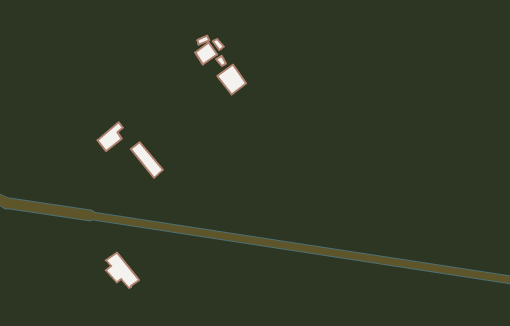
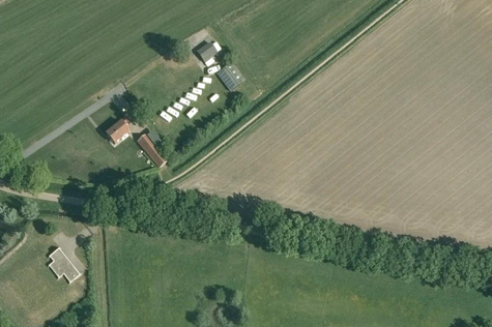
building: [106,253,139,288] -> [49,248,80,281]

